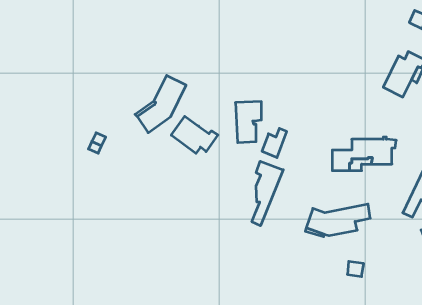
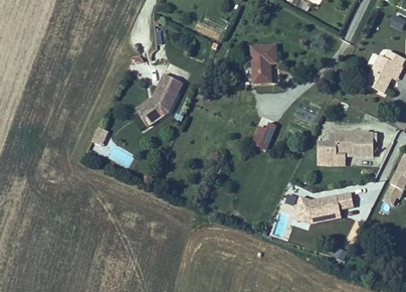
building: [235,102,261,143] -> [251,44,275,83]
building: [171,116,218,153] -> none
building: [252,161,283,226] -> none

